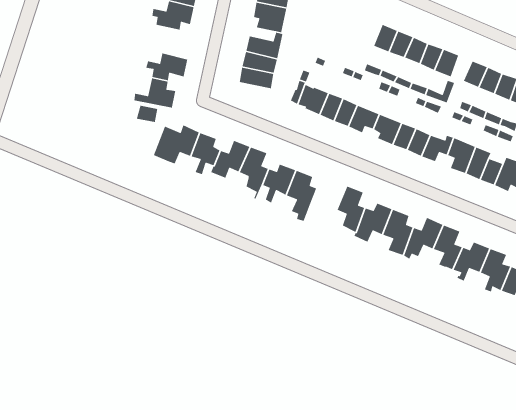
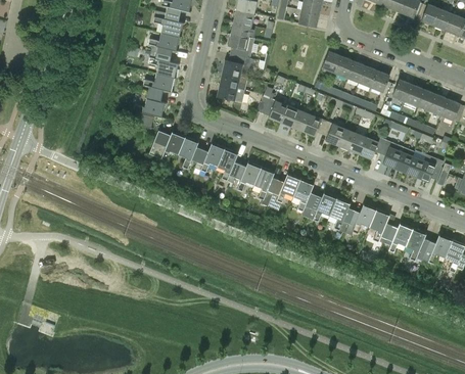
building: none -> [148,51,180,78]
building: none -> [273,171,301,202]

